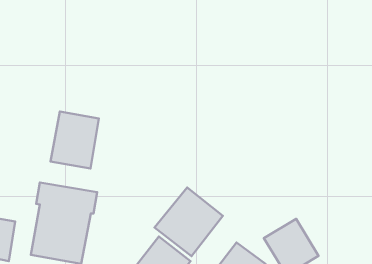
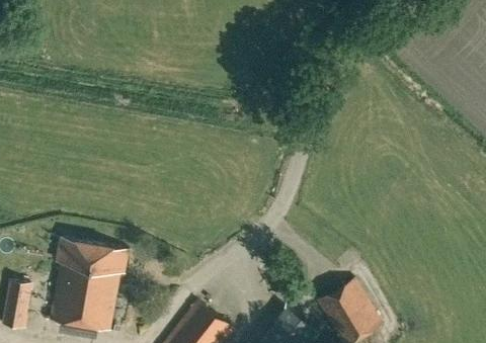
building: [51,111,99,168] -> none
building: [155,188,223,256] -> none

